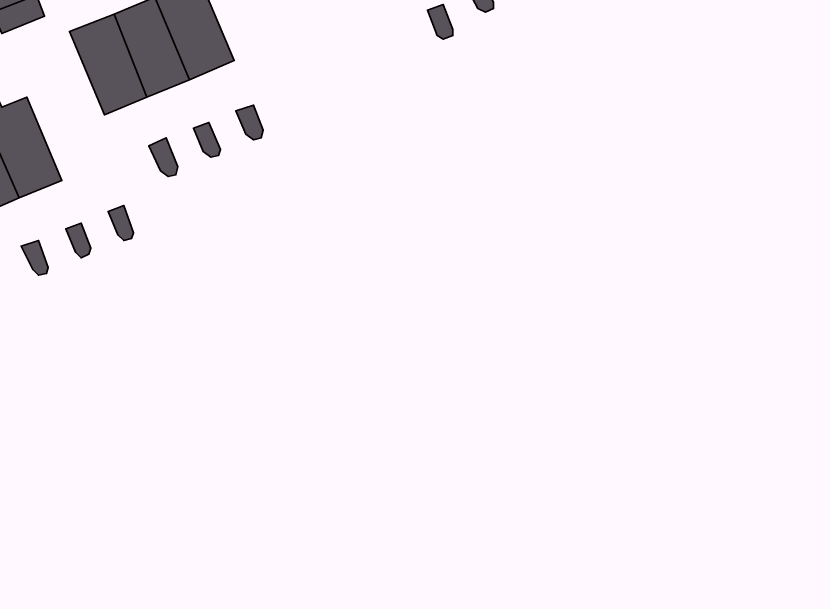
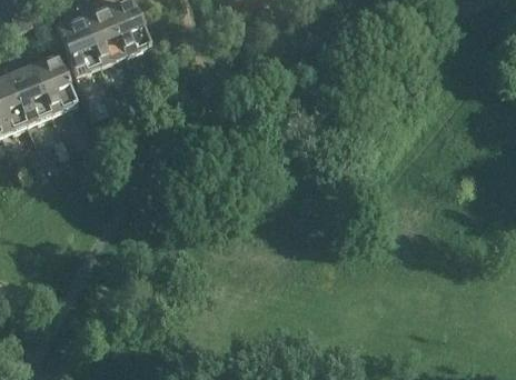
building: none -> [27,52,77,114]

